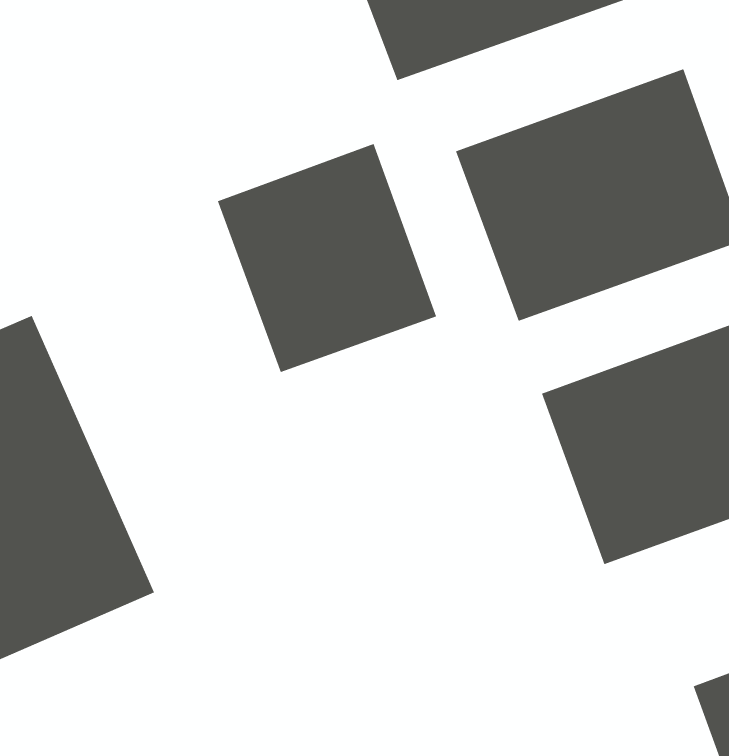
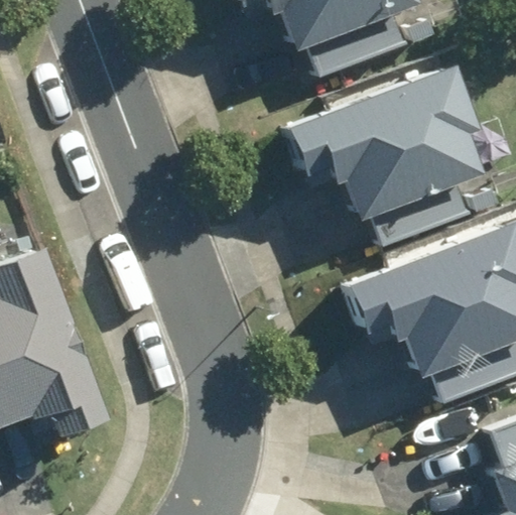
building: [217,143,437,373] -> none

